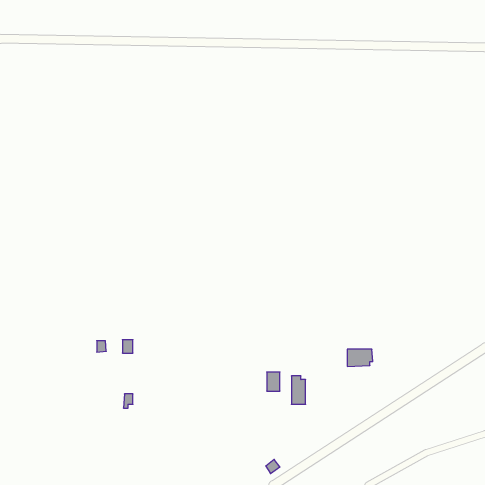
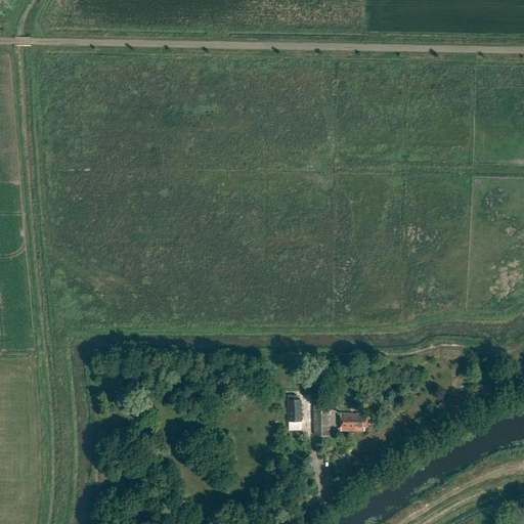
building: [347,349,373,366] -> [341,413,368,432]

